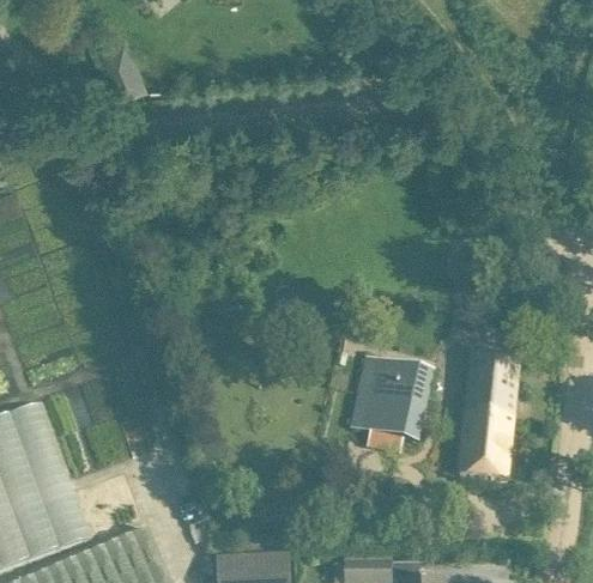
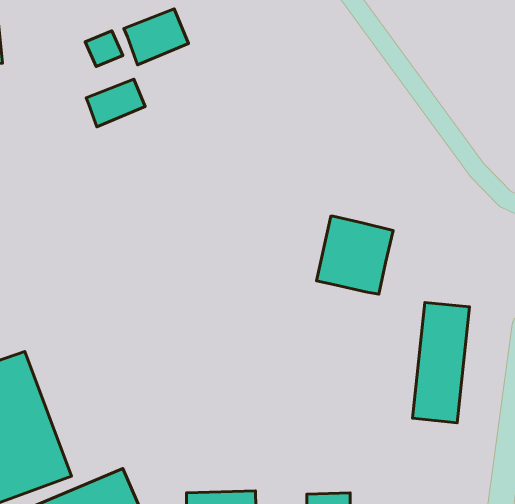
building: none -> [124,9,189,65]
building: none -> [86,79,145,127]
building: [349,358,431,442] -> [316,216,393,294]

